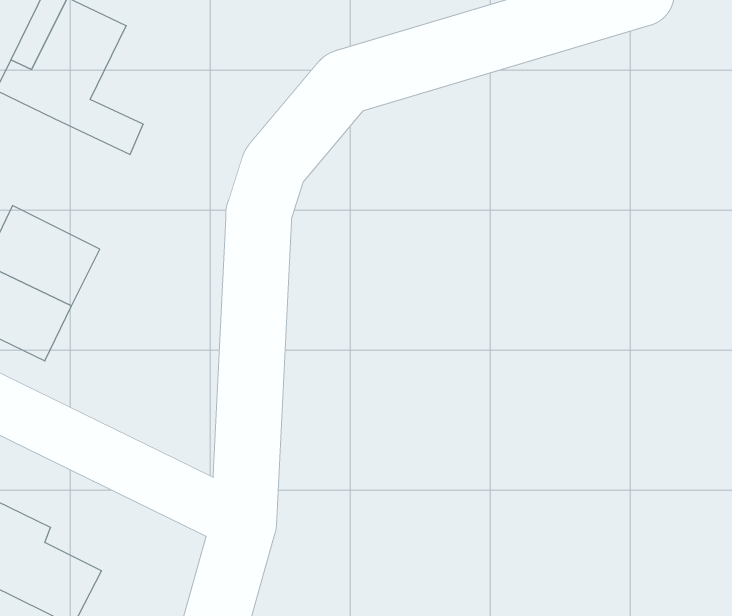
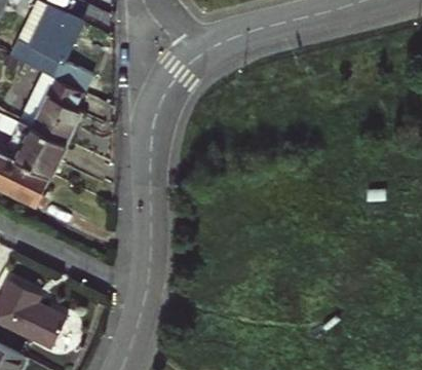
building: none -> [20,73,83,144]

